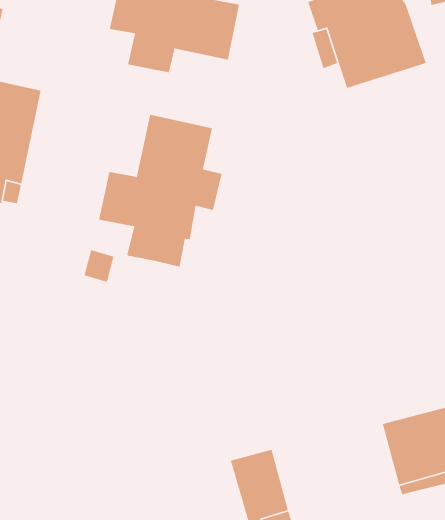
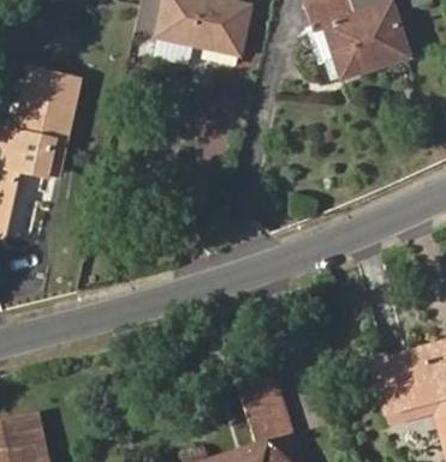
building: [98,114,223,268] -> none

